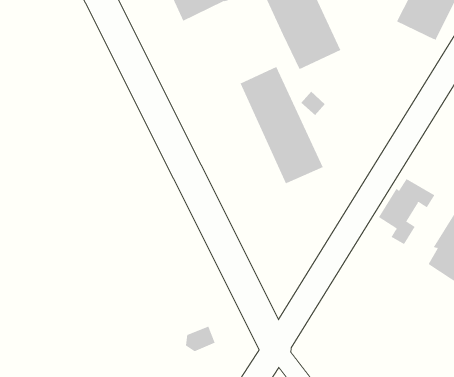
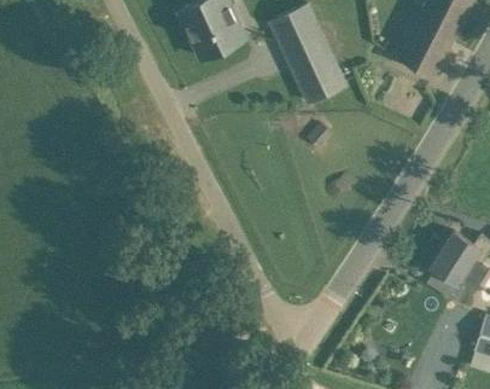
building: [240,66,324,185] -> none
building: [378,178,435,245] -> none

